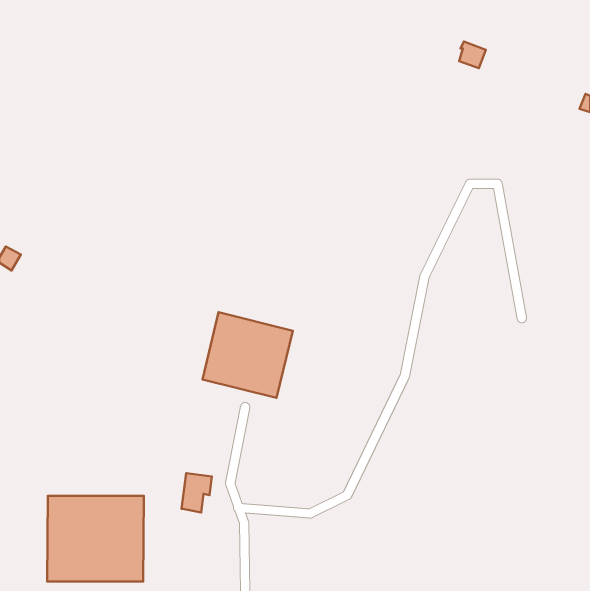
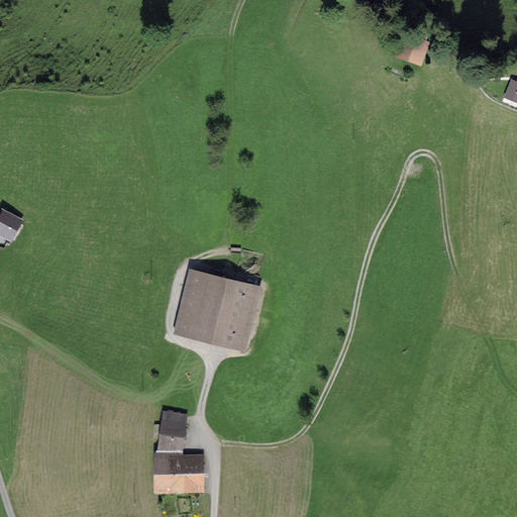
building: [47,496,144,581] -> none
building: none -> [160,444,202,491]

